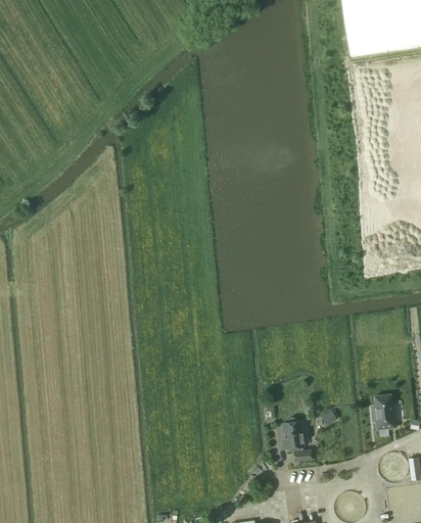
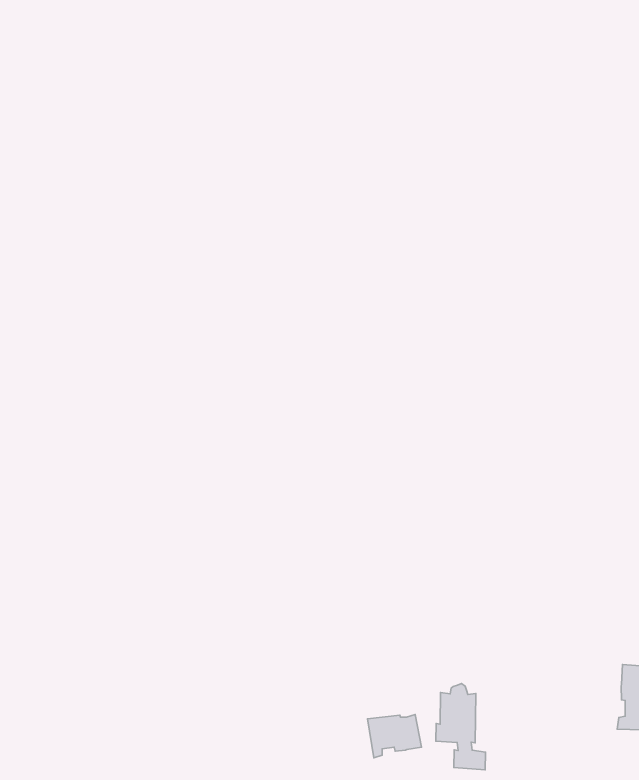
building: none -> [367,715,421,758]

